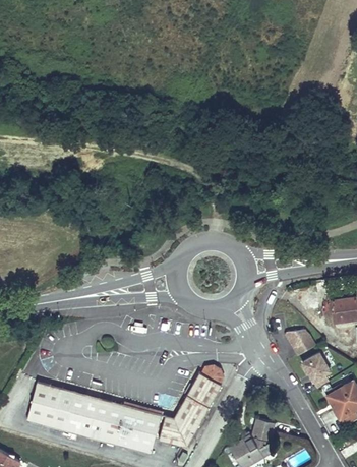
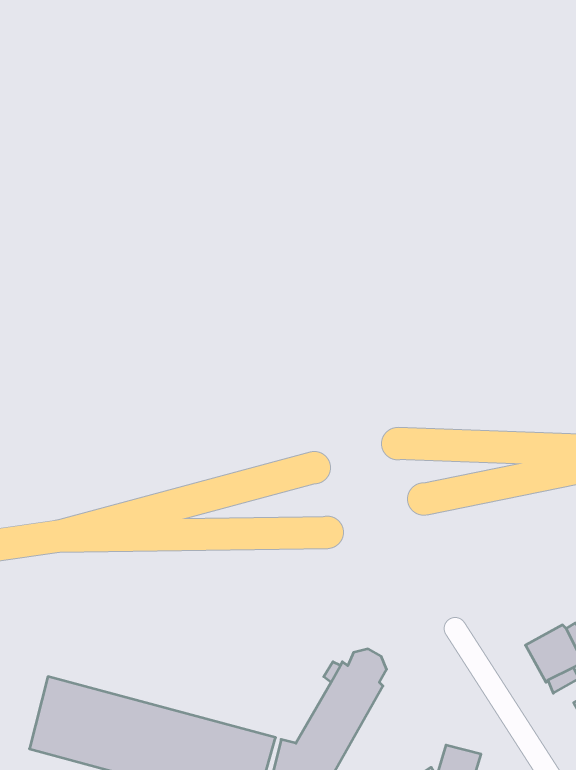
building: [284,330,316,357] -> none

